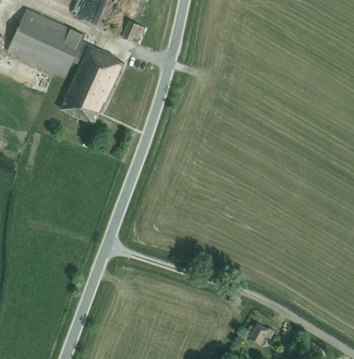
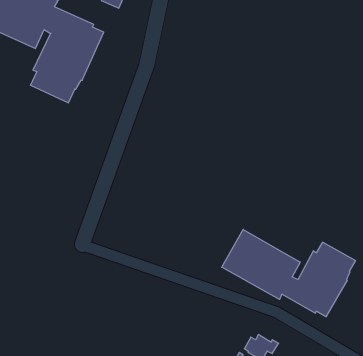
building: none -> [222,229,355,317]

